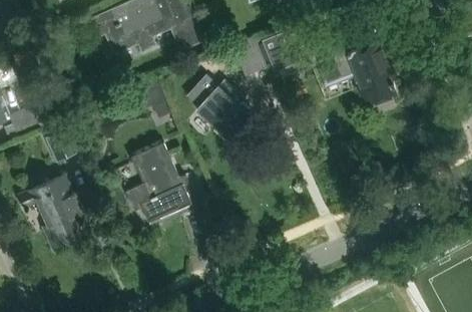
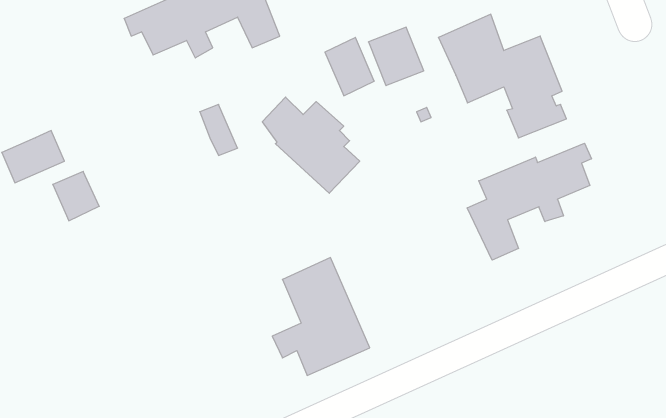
building: none -> [467,143,591,260]
building: [124,140,191,222] -> [272,258,370,375]
building: [18,175,88,247] -> none

